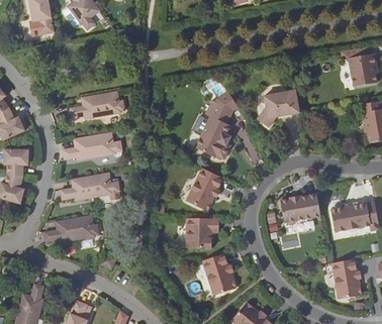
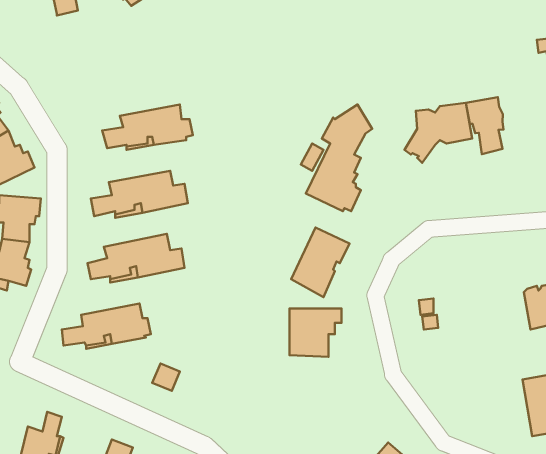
building: none -> [466,97,504,154]
building: [281,194,321,225] -> none
building: [203,253,235,295] -> none

